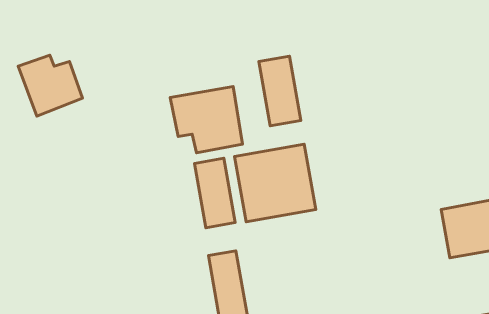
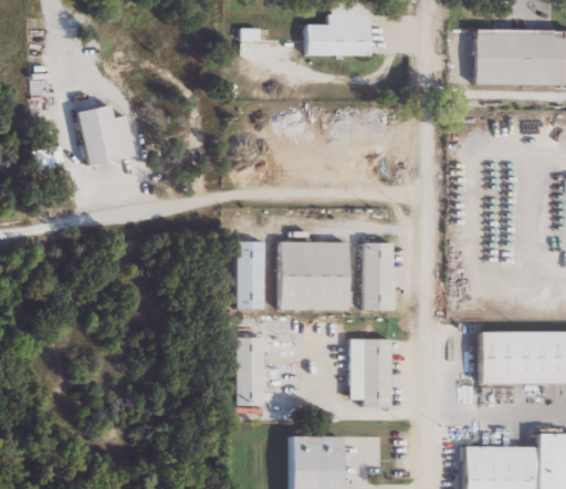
building: [259,56,301,126] -> [364,242,396,310]
building: [170,86,242,153] -> none
building: none -> [350,339,392,404]

